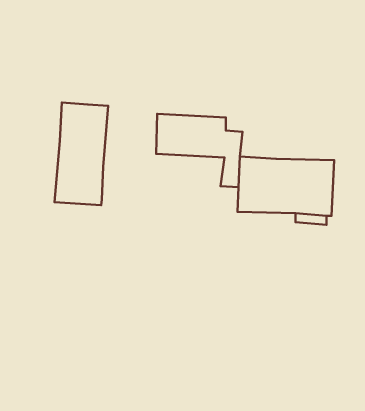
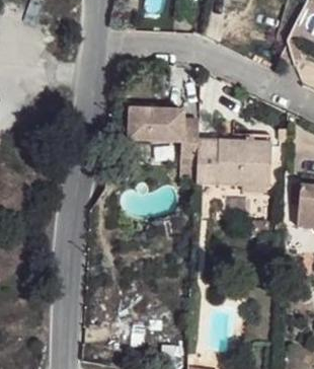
building: [55,103,108,205] -> none

